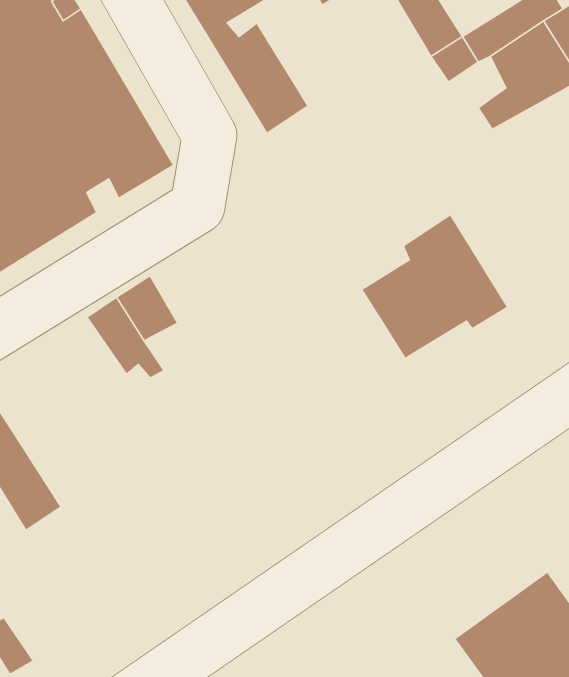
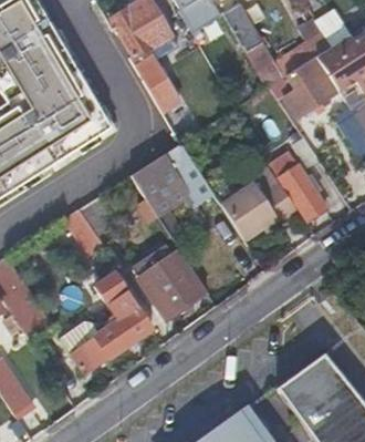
building: none -> [132,142,209,232]
building: none -> [268,144,328,218]
building: none -> [134,243,205,313]
building: none -> [69,273,146,367]

